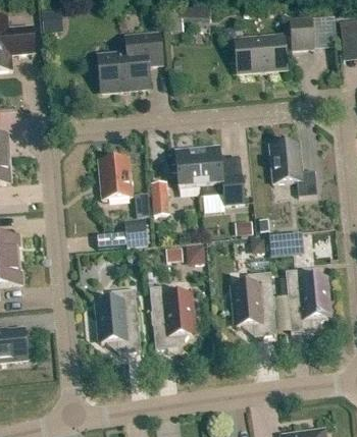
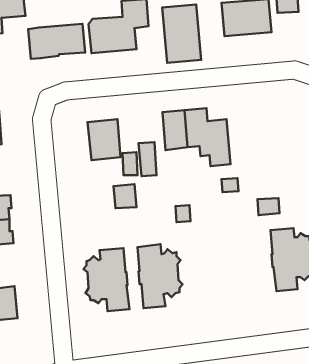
building: none -> [162,5,201,63]
building: none -> [28,24,85,59]
building: [269,142,316,196] -> none
building: [230,271,275,336] -> none

